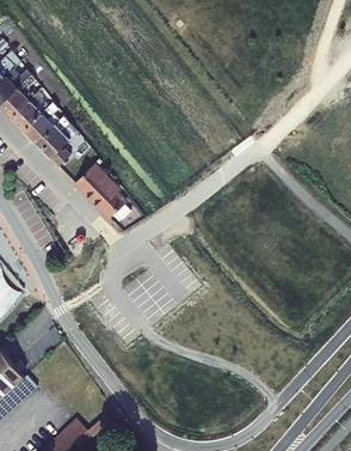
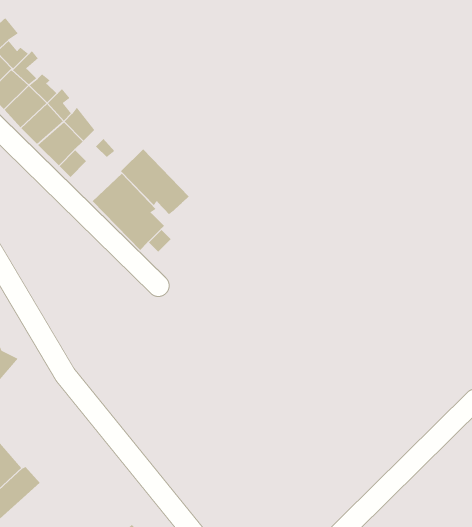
building: none -> [120,149,189,215]

